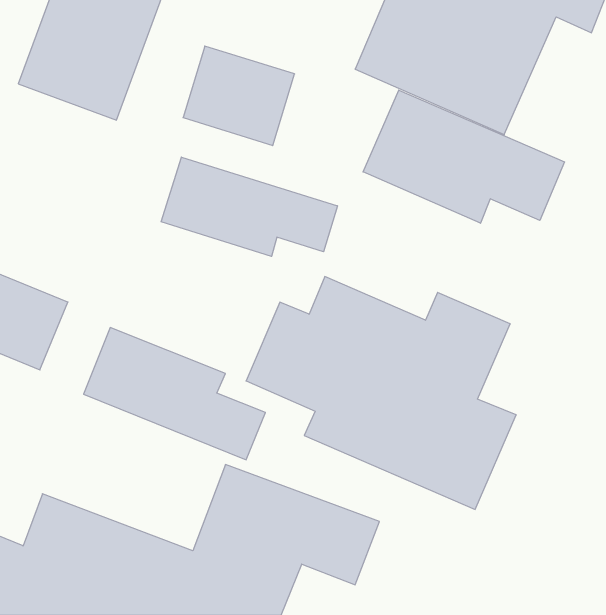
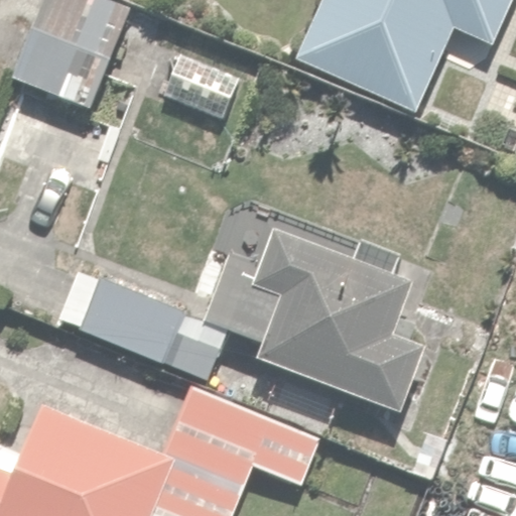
building: [363,90,565,223] -> none
building: [161,157,337,256] -> none

